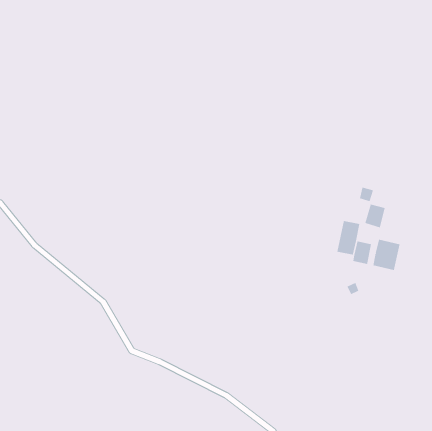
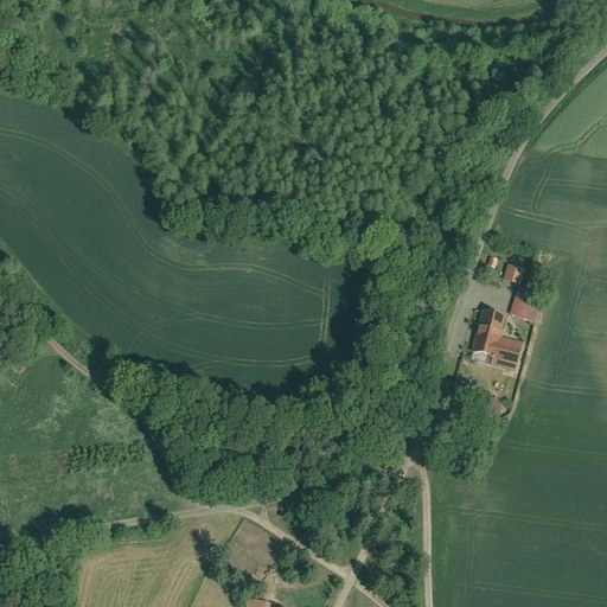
building: [373,239,400,271] -> none

